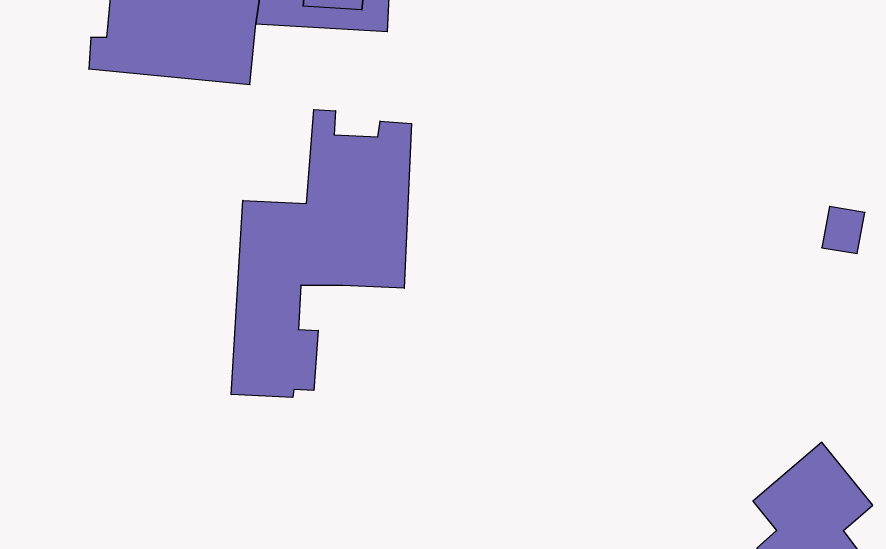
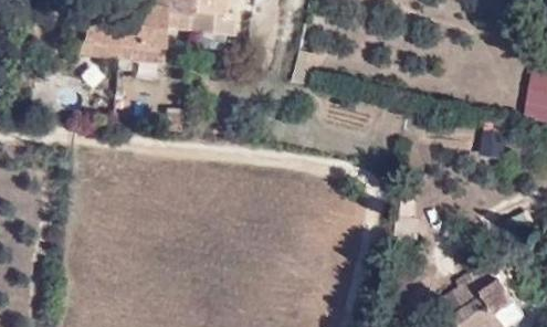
building: [231,110,412,397] -> none

